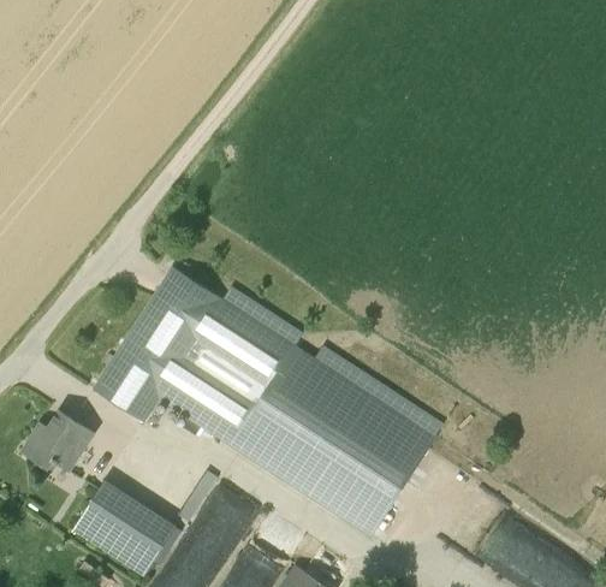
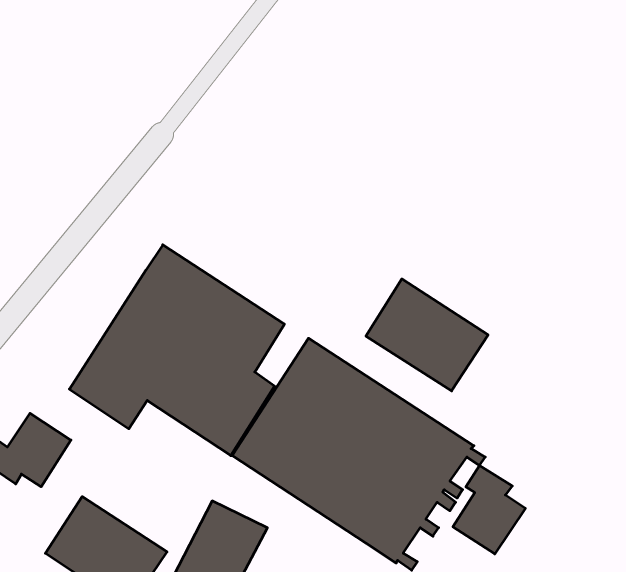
building: none -> [366,279,488,391]
building: none -> [453,466,525,554]

